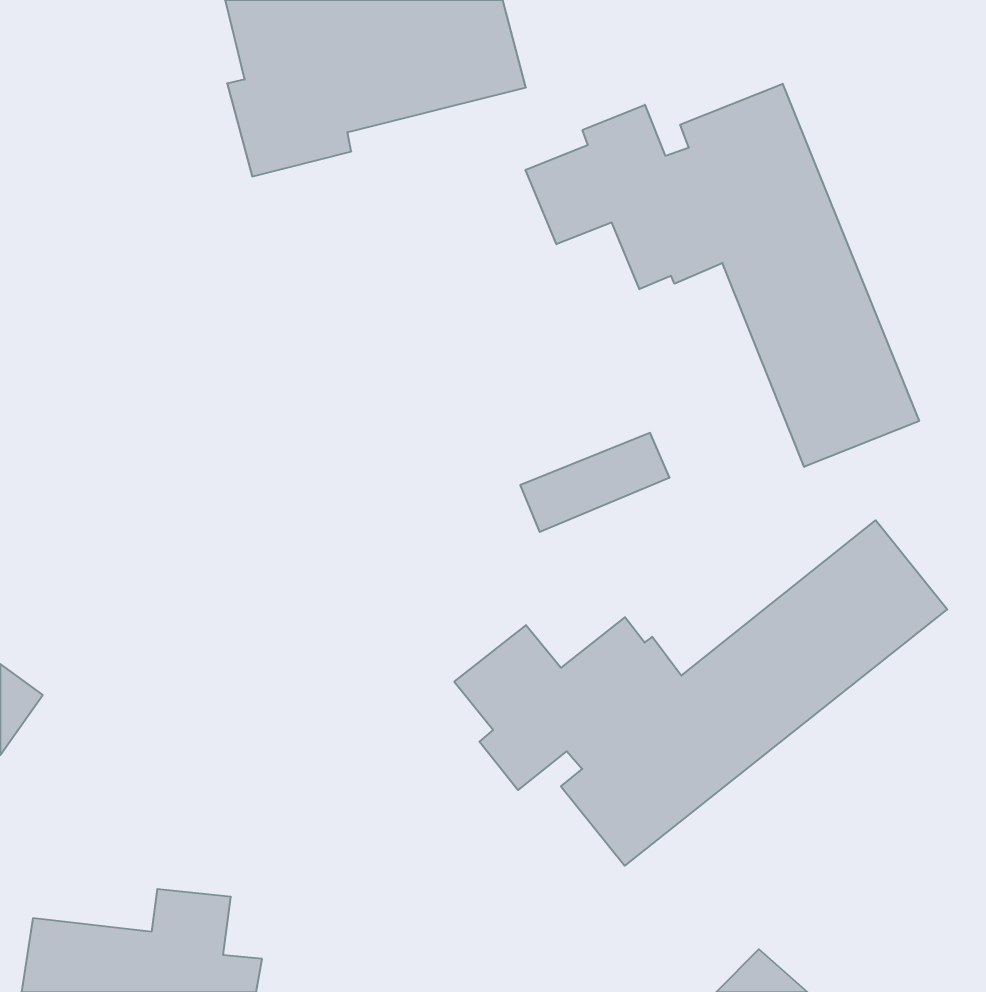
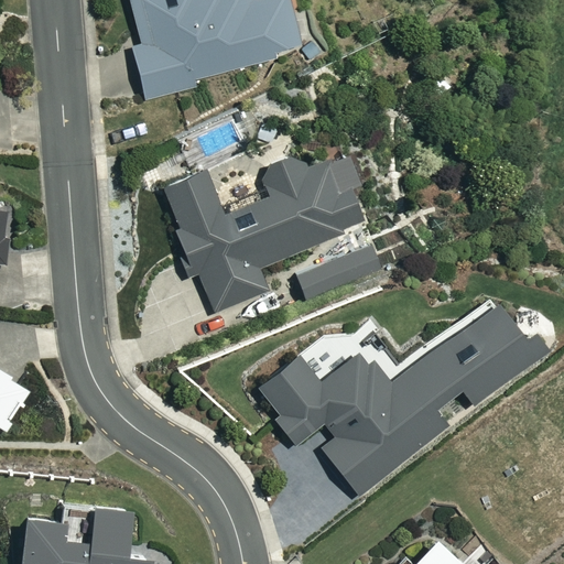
building: [526,84,919,467] -> none
building: none -> [163,153,371,311]

